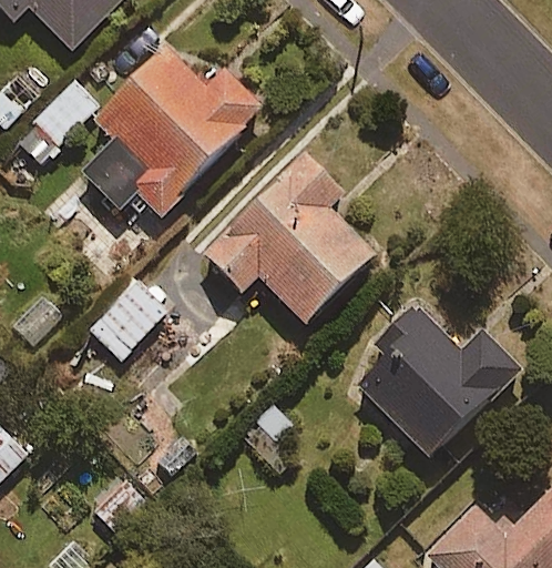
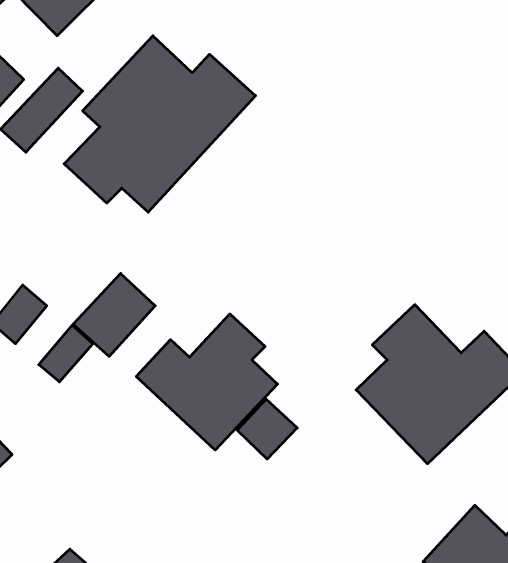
building: [203,155,375,324] -> none
building: none -> [136,314,278,450]

